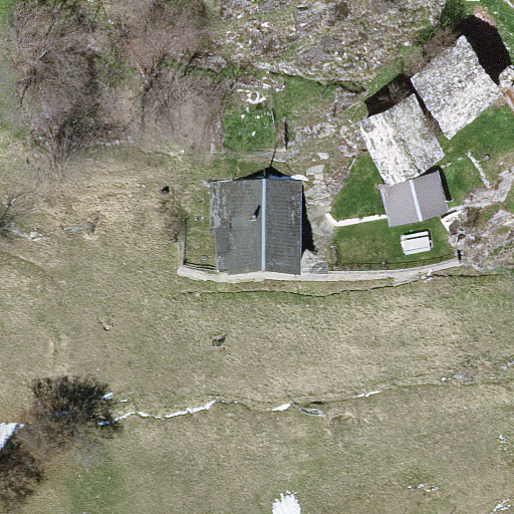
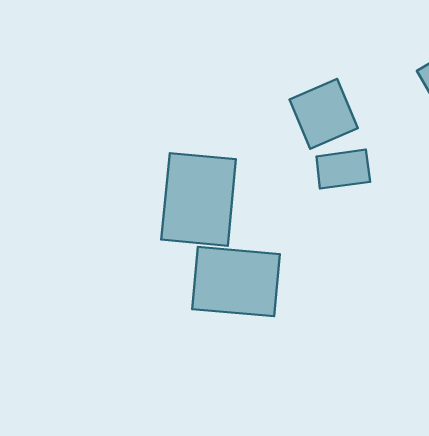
building: [411,38,497,123] -> none
building: none -> [192,247,280,316]

